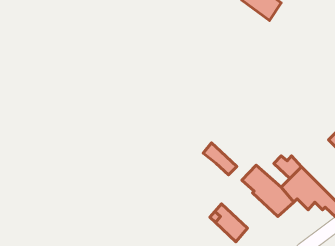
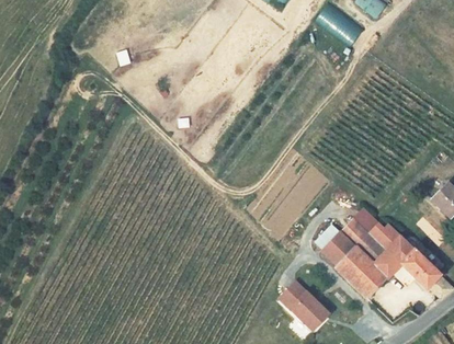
building: [203,143,237,175] -> [337,218,381,260]

